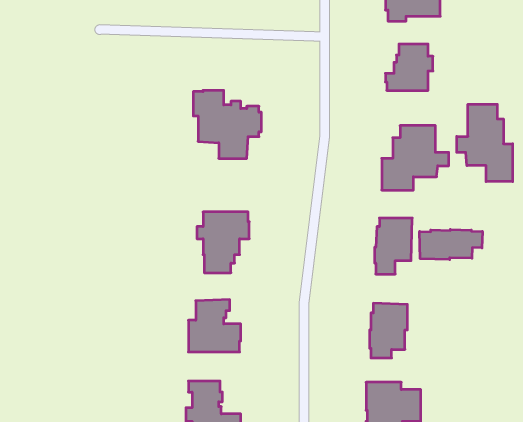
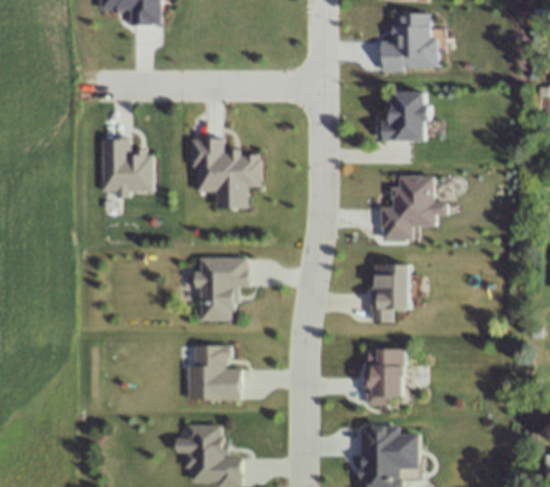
building: none -> [104,138,153,195]
building: [457,104,513,182] -> none
building: [420,229,482,260] -> none

